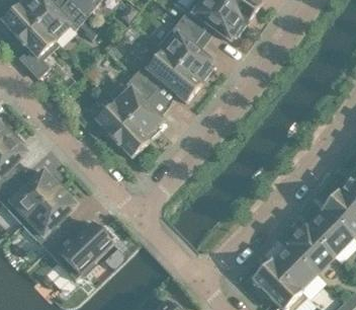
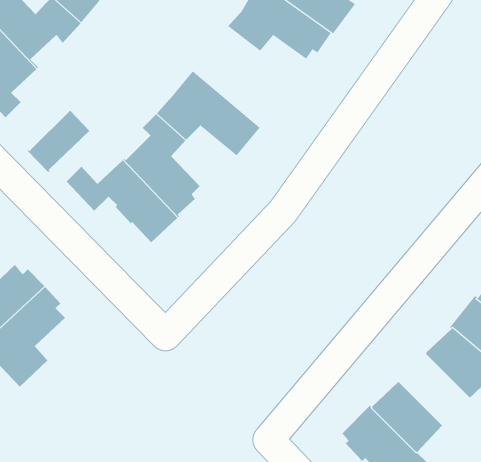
building: [158,18,212,83] -> none
building: none -> [27,110,90,173]
building: [48,223,113,280] -> none
building: [287,226,335,274] -> none

